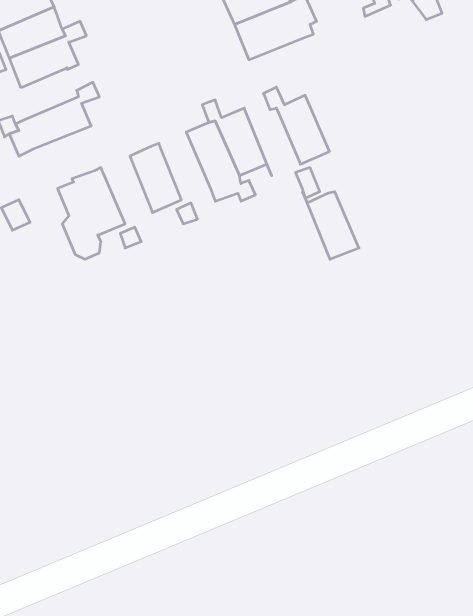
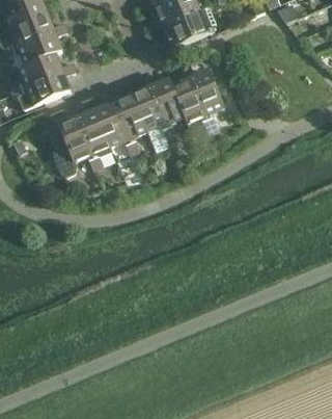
building: none -> [19,52,62,86]
building: none -> [105,88,147,137]
building: none -> [68,104,110,153]
building: [303,192,359,259] -> [169,78,205,122]

